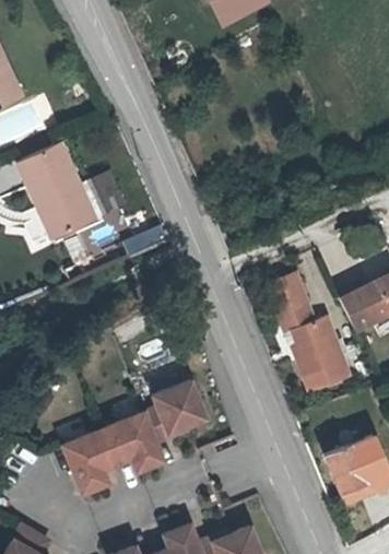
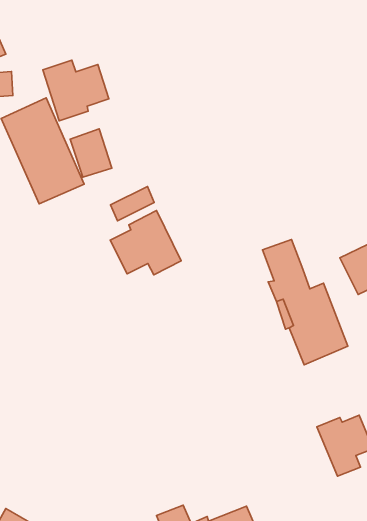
building: none -> [43,60,109,121]
building: none -> [110,211,181,275]
building: [63,381,205,496] -> none

